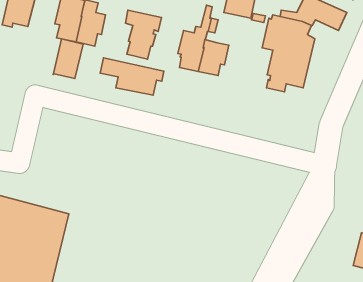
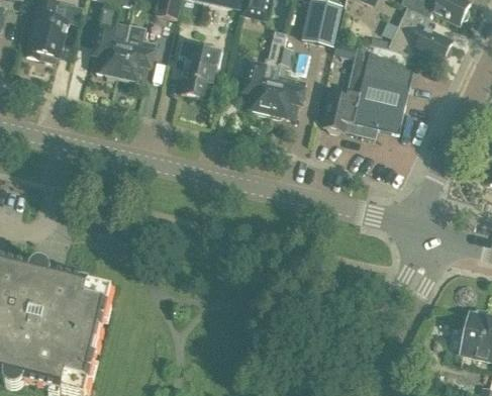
building: [53,39,83,79] -> none
building: none -> [324,84,362,130]
building: [100,58,164,95] -> none

